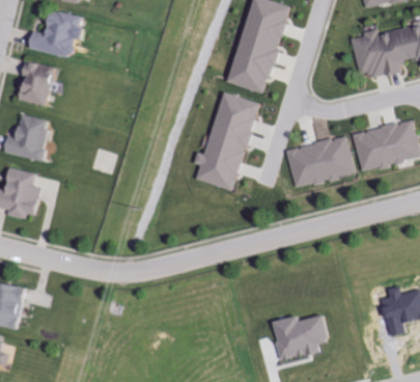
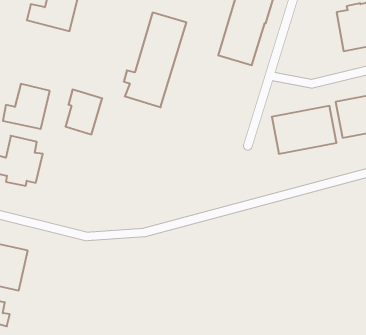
building: [20,59,58,106] -> [65,90,102,134]
building: [194,91,259,190] -> [124,13,186,107]
building: [273,315,330,361] -> none

